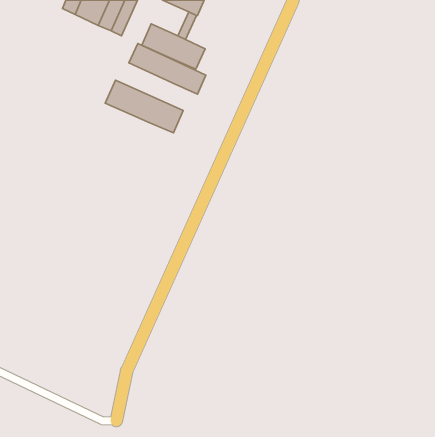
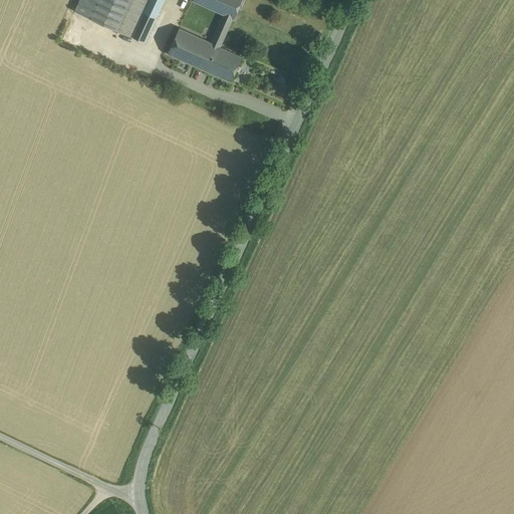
building: [129,43,206,94] -> none
building: [105,80,183,133] -> none

